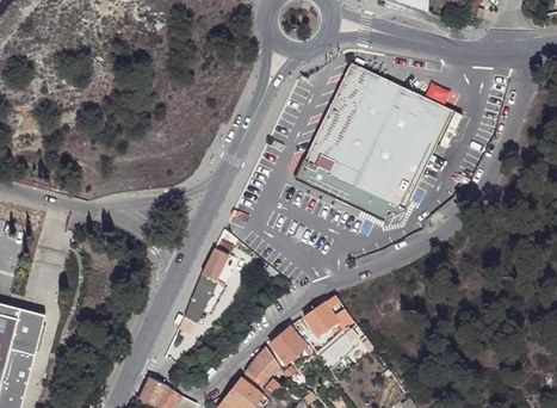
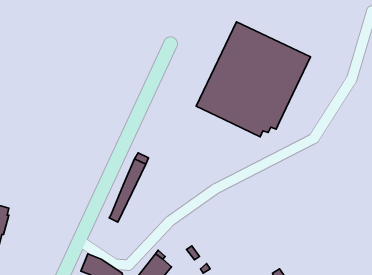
building: [302,296,353,336] -> none
building: [270,323,312,364] -> none
building: [246,347,280,385] -> none

